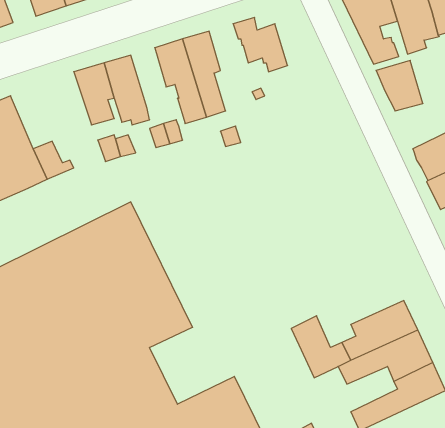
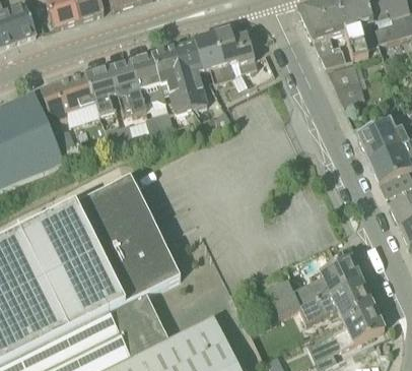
building: none -> [194,34,232,83]
building: none -> [131,53,164,102]
building: none -> [41,72,99,124]

